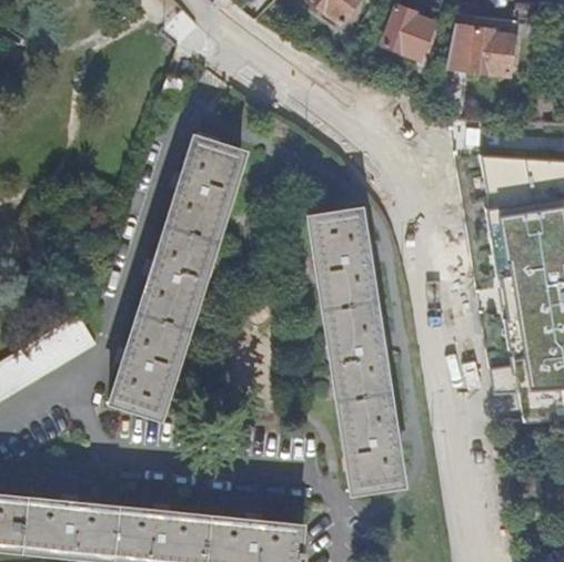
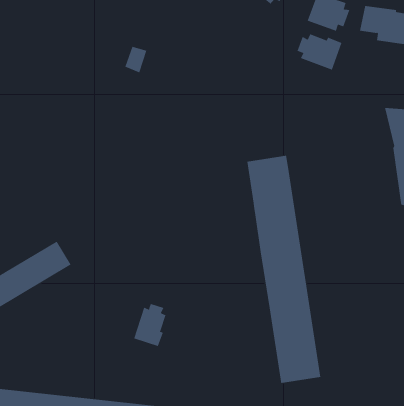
building: none -> [297,34,342,70]
building: [112,136,244,415] -> none
building: none -> [133,303,166,347]

